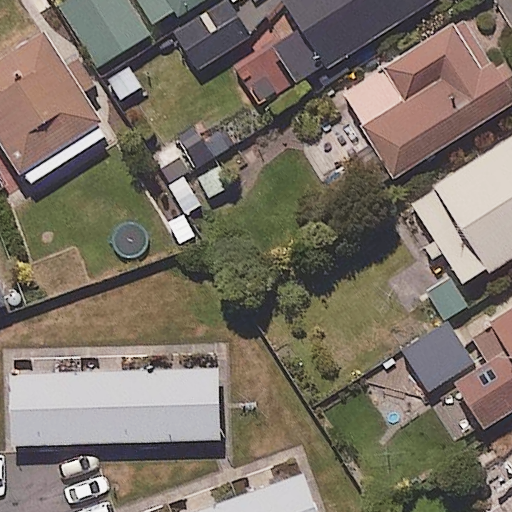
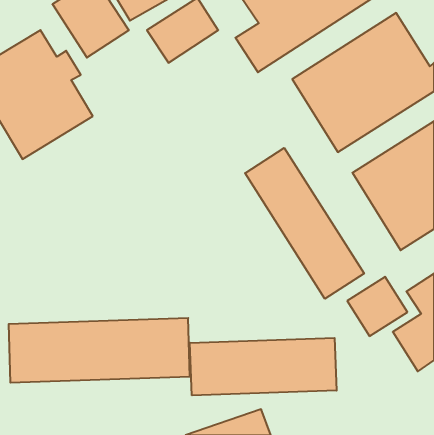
building: none -> [245,148,364,299]
building: none -> [190,338,337,395]

